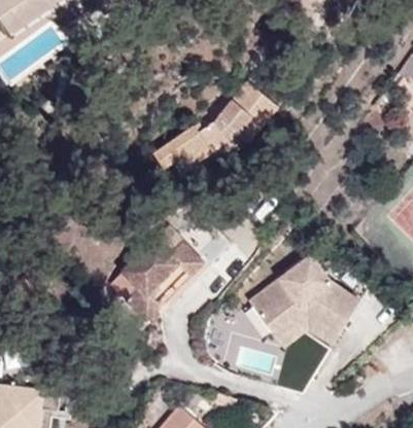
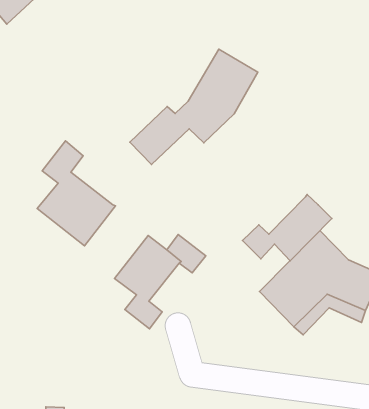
building: none -> [37,141,116,246]
building: none -> [242,194,332,261]

